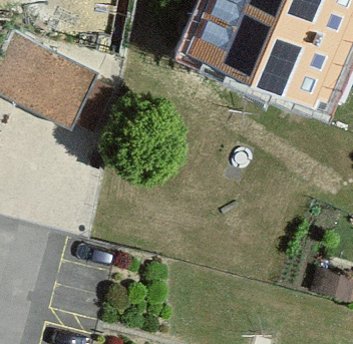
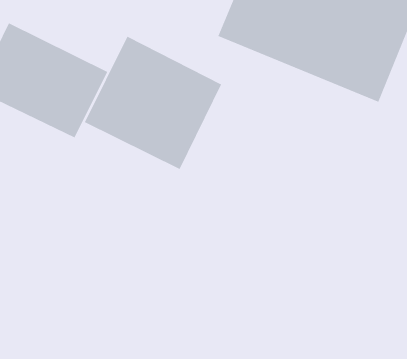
building: none -> [84,36,222,170]

